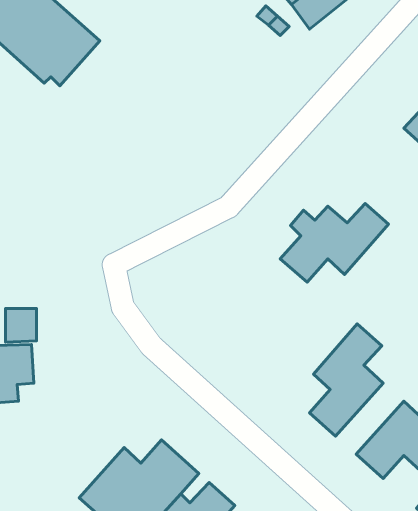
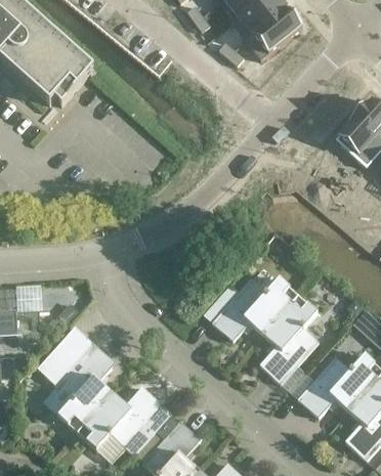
building: [280,204,388,282] -> [212,277,298,340]
building: none -> [37,326,116,432]

